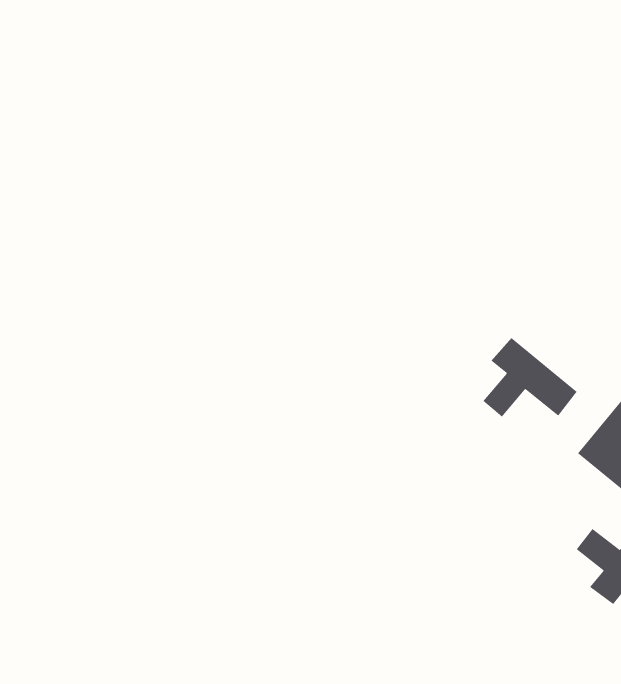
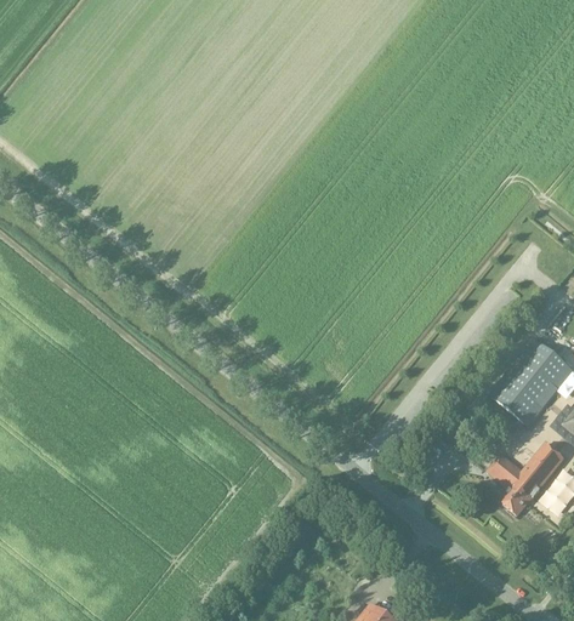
building: [482,337,578,418] -> none

